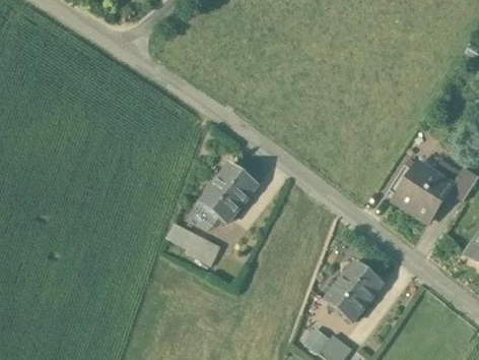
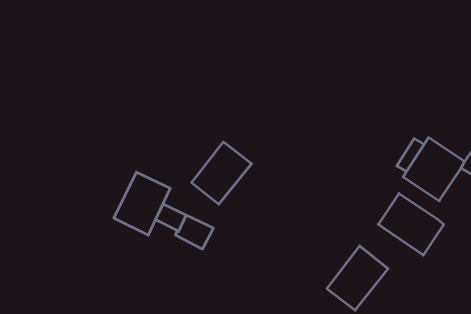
building: none -> [114,172,170,235]
building: none -> [378,193,444,255]

